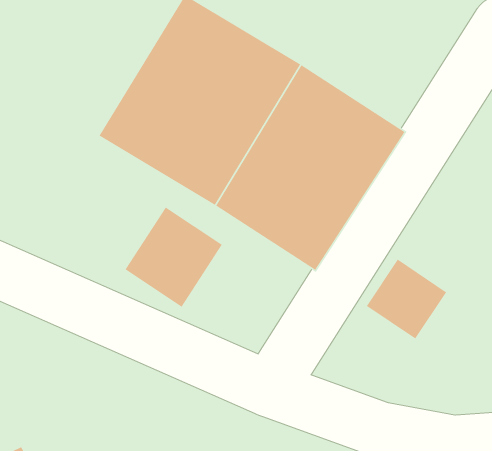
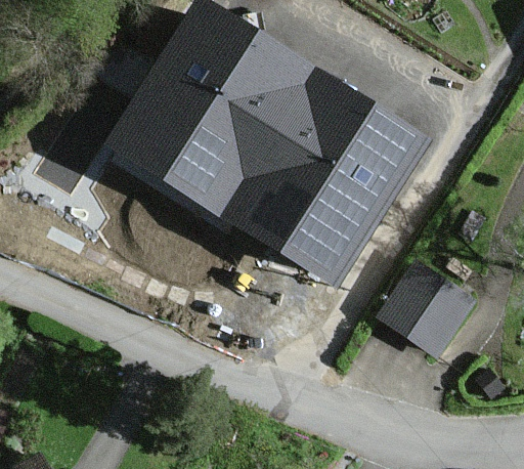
building: [124,206,223,308] -> none

